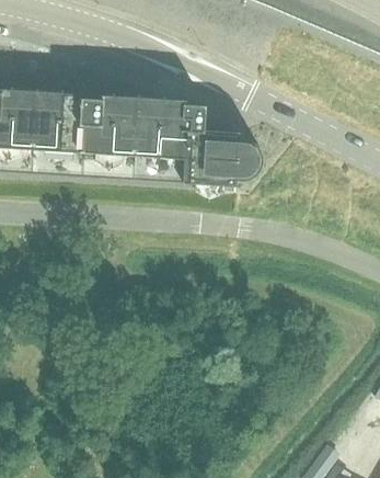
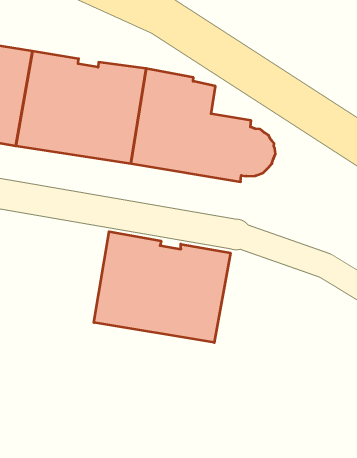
building: none -> [94,232,230,343]

